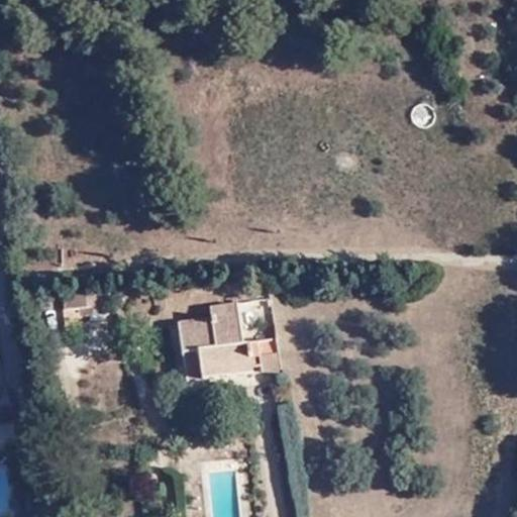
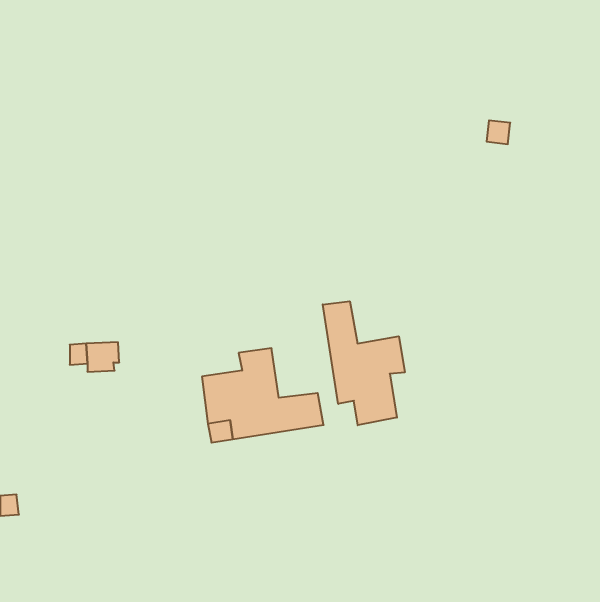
building: none -> [323,301,405,425]

